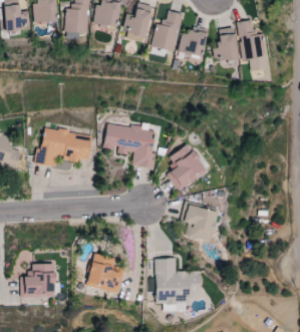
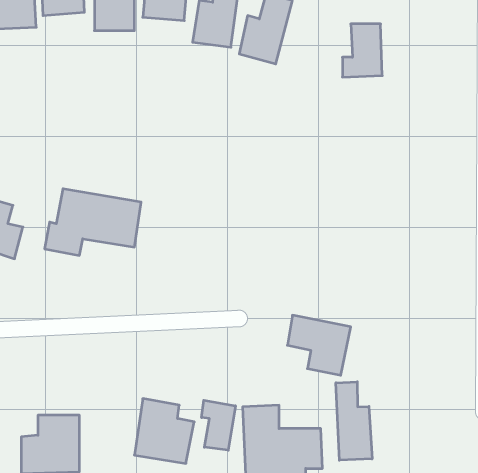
building: [238,20,267,70] -> none
building: [179,28,208,58] -> none
building: [103,123,157,168] -> none
building: [168,144,207,190] -> none
building: none -> [336,382,372,460]
building: none -> [202,400,235,450]

